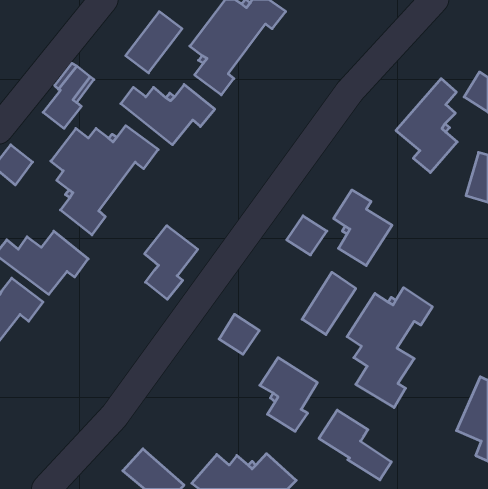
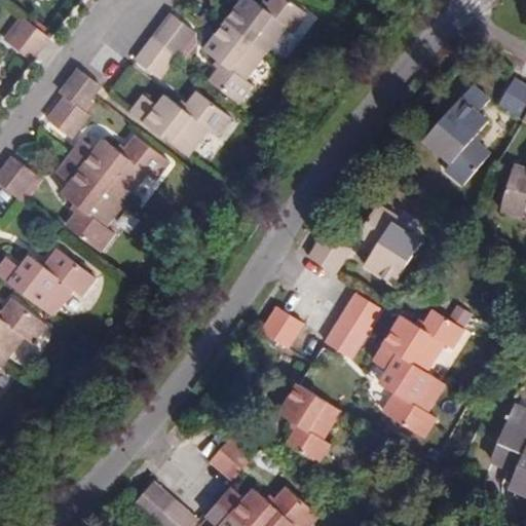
building: none -> [6,18,48,61]
building: [145,226,198,299] -> none
building: [219,314,259,354] -> [260,305,303,348]
building: none -> [209,438,253,481]
building: [319,410,391,480] -> none

